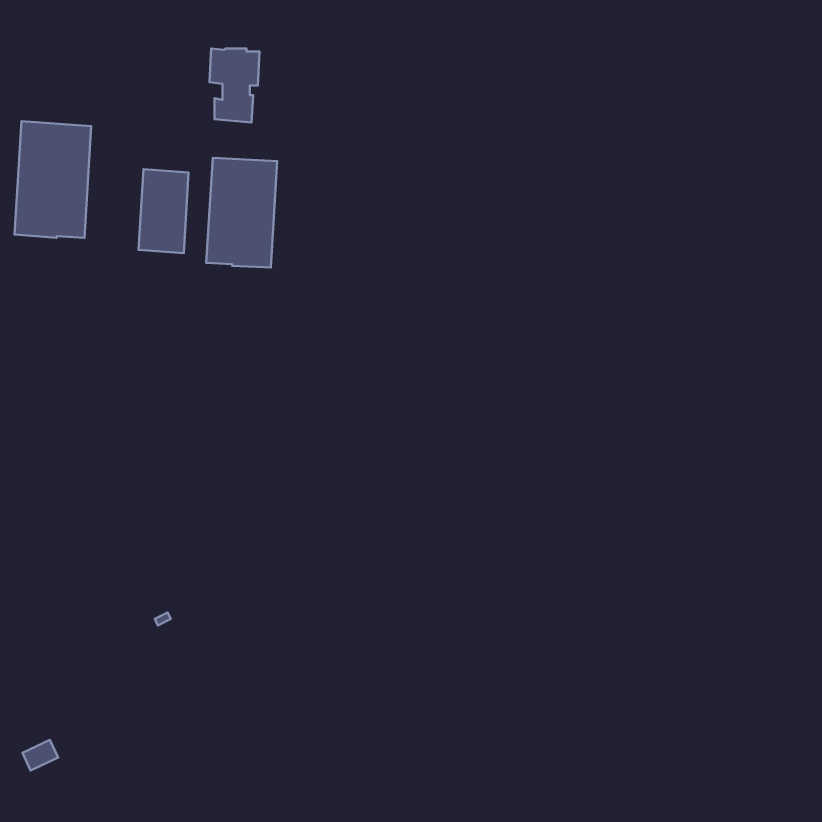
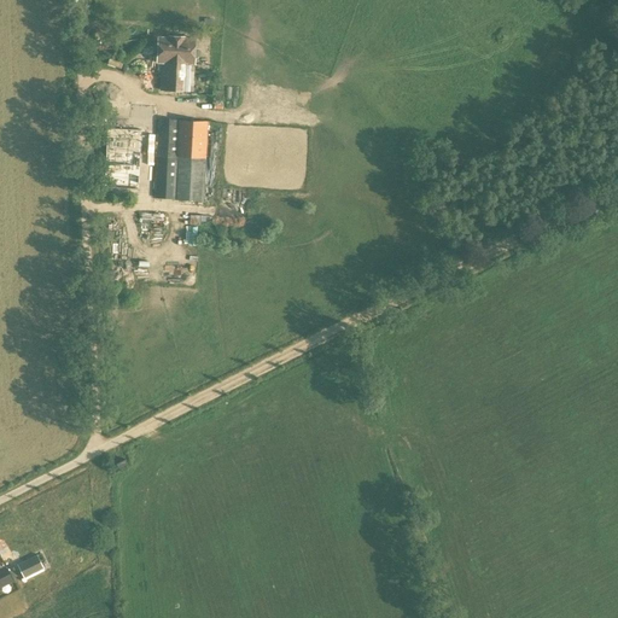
building: [15,121,91,238] -> none

